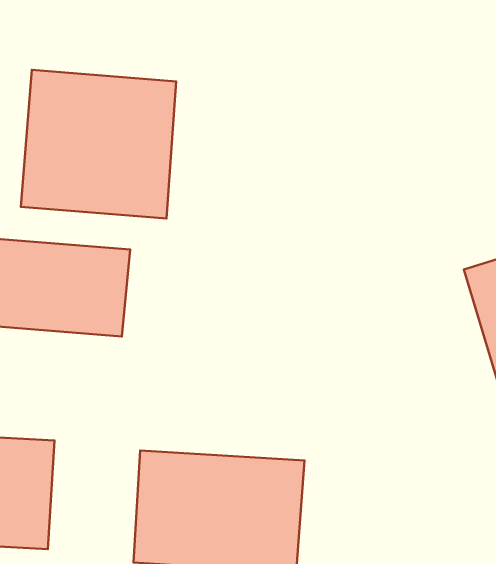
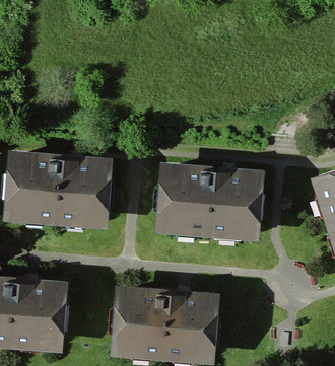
building: [21,70,176,218] -> none
building: none -> [156,169,260,235]

